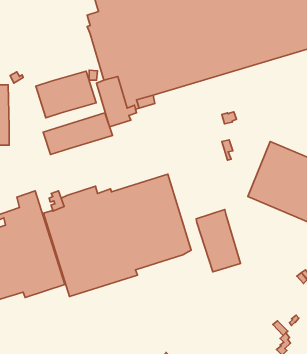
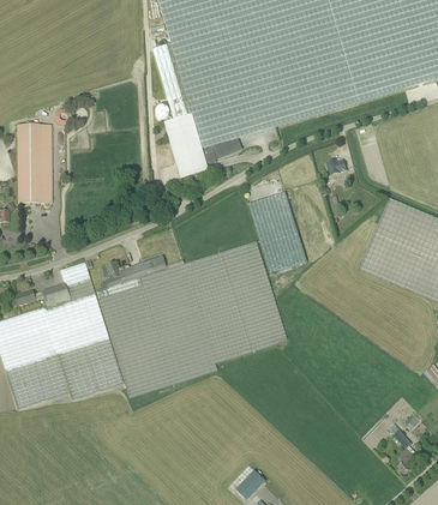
building: [36,71,96,118] -> none
building: [43,113,112,155] -> none
building: [196,210,241,272] -> [248,192,306,272]

